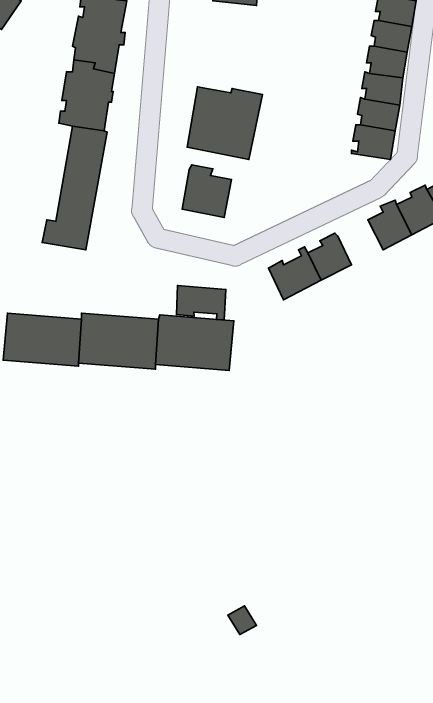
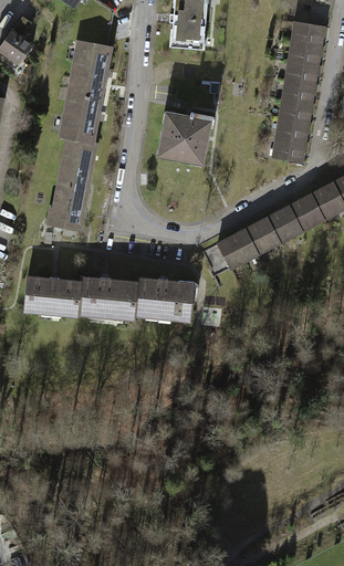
building: [182,165,232,217] -> none
building: none -> [267,206,300,241]
building: [177,285,226,320] -> none

